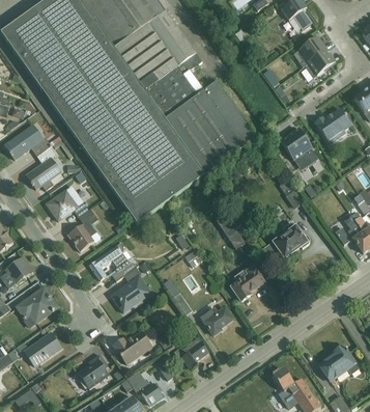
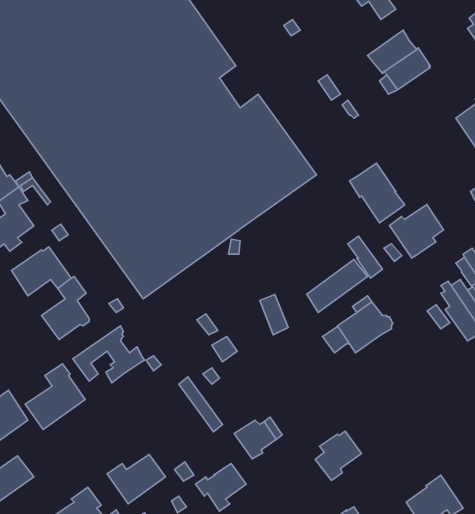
building: [314,106,351,143] -> [390,204,443,258]
building: none -> [307,259,367,312]
building: [230,265,262,299] -> [315,431,362,480]
building: [110,266,151,311] -> [25,364,85,429]

